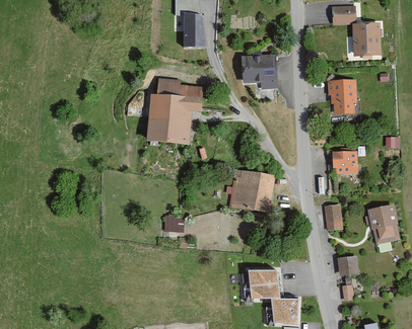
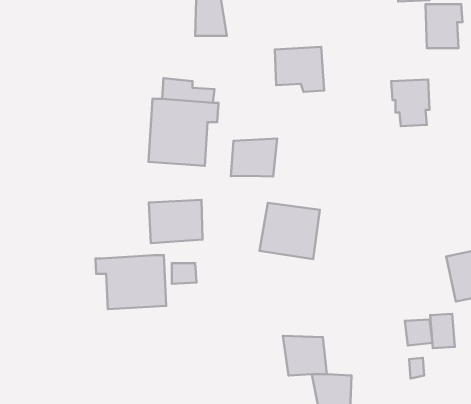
building: none -> [231,138,277,177]
building: [334,151,357,172] -> none
building: none -> [149,200,203,243]
building: [324,203,342,229] -> [430,314,455,348]
building: none -> [95,255,166,309]

